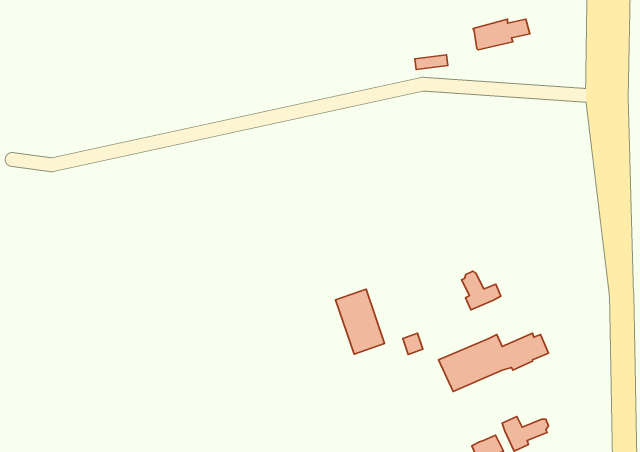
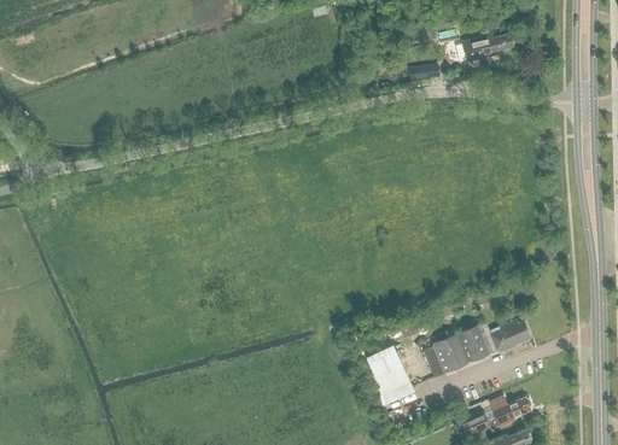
building: [462,271,501,310] -> none
building: [336,289,385,354] -> [368,344,413,403]

